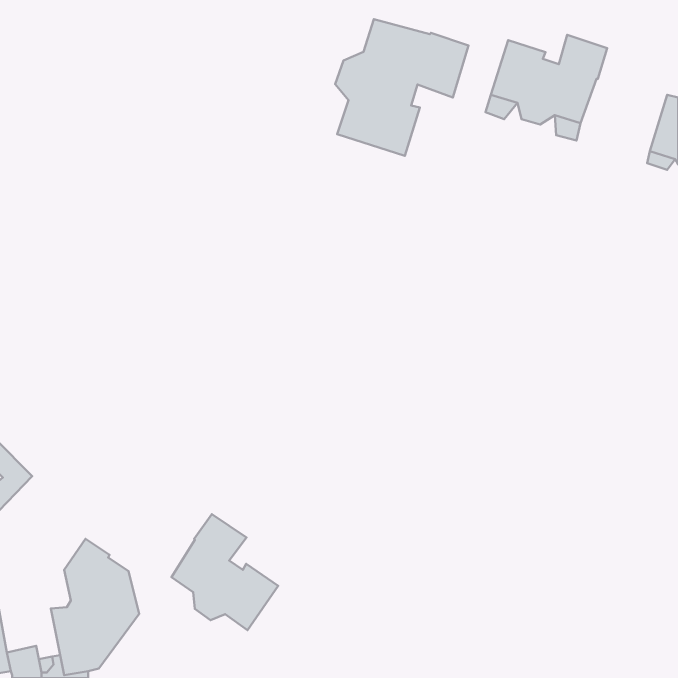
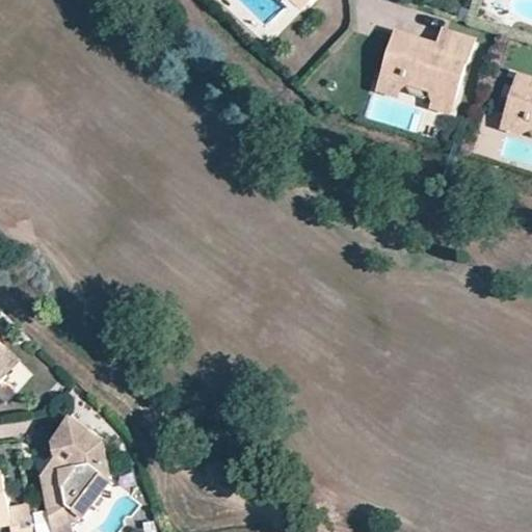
building: [335,19,469,156] -> none
building: [171,514,278,630] -> none

